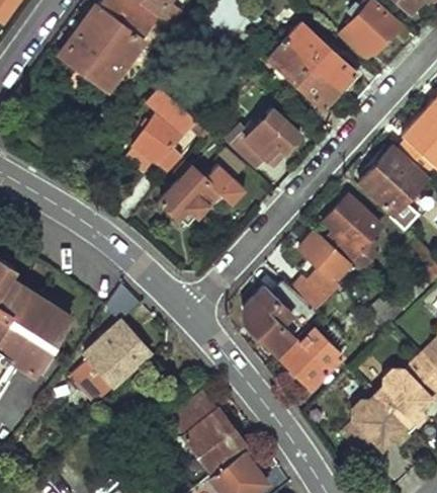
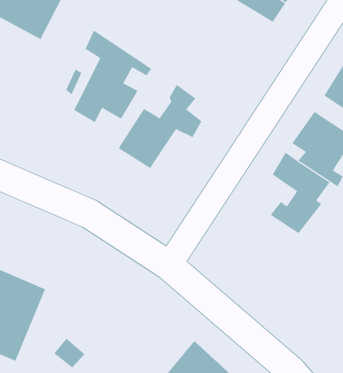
building: [232,106,300,168] -> none
building: [243,279,344,389] -> none
building: [84,323,150,390] -> none

